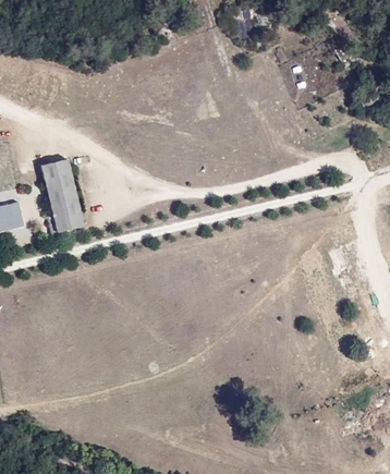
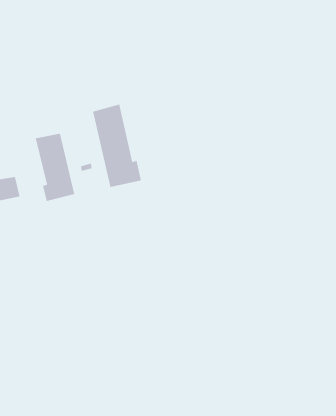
building: none -> [92,104,142,188]

